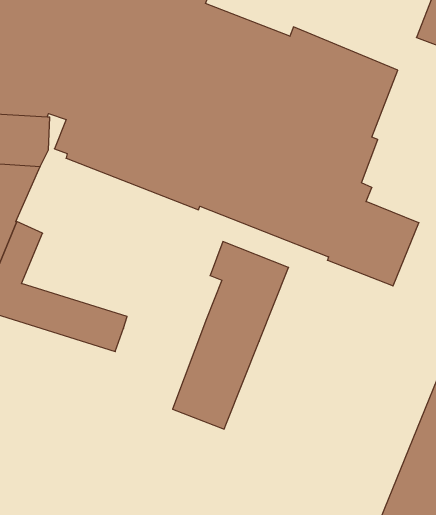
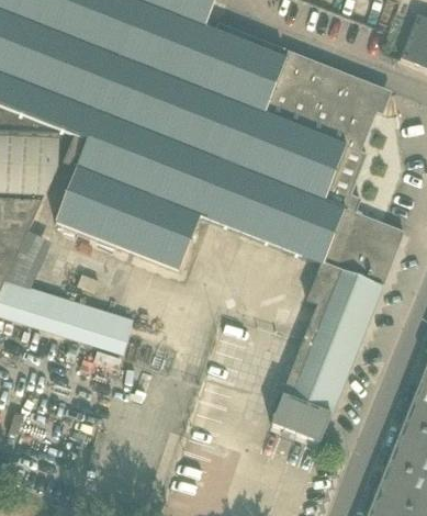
building: none -> [55,171,198,271]
building: [173,242,289,429] -> [271,267,380,442]

